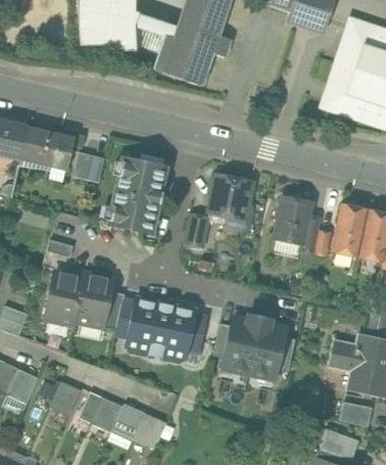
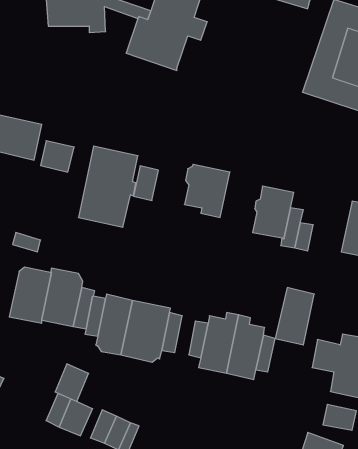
building: [331,203,368,258] -> [275,288,314,345]
building: [185,214,208,246] -> [134,166,158,201]
building: [49,380,81,416] -> [55,364,89,402]

